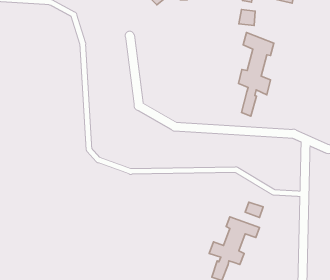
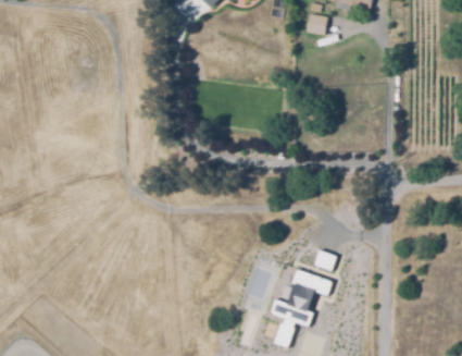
building: [238,32,274,116] -> none

